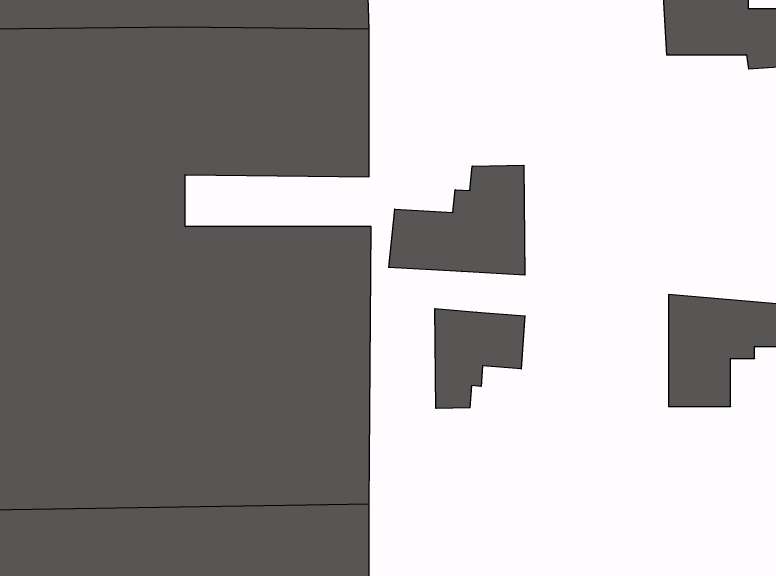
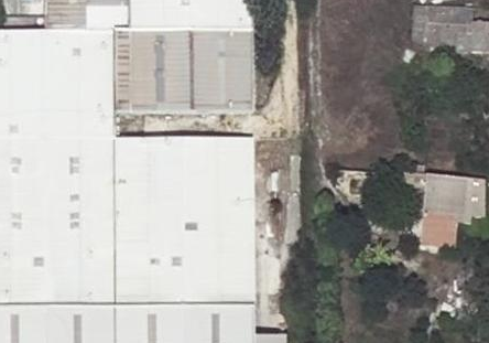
building: [389,165,525,275] -> none
building: [435,309,525,408] -> none

